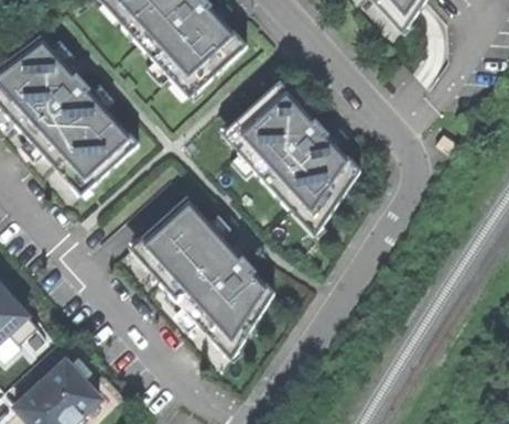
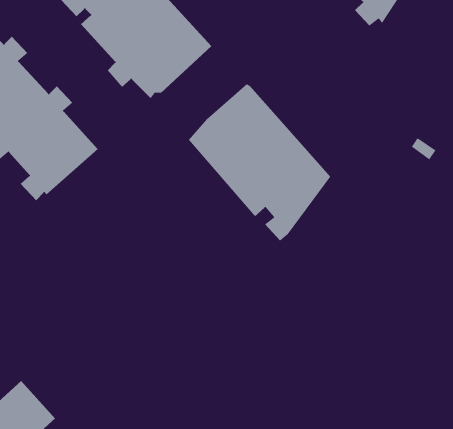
building: [138,196,274,356] -> none

